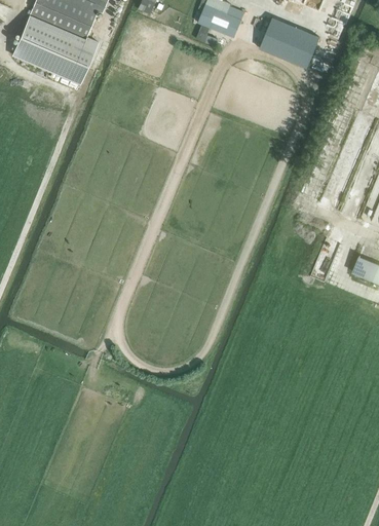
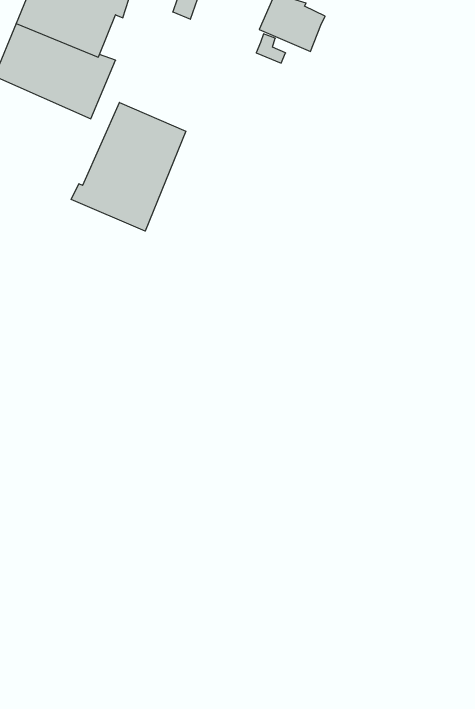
building: [260,17,320,68] -> none
building: none -> [71,102,186,231]

